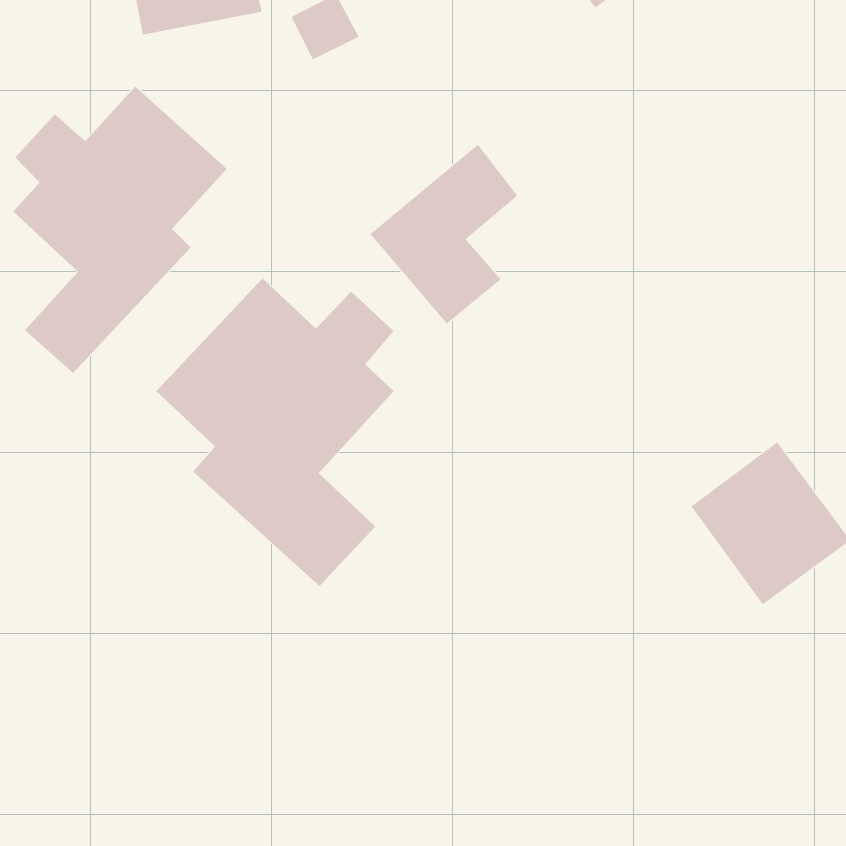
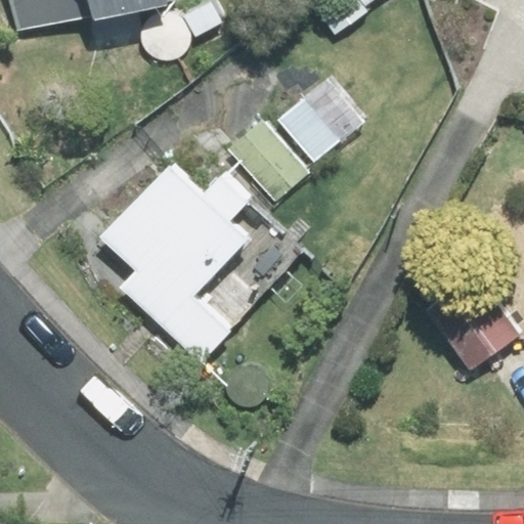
building: [12,86,227,374] -> none

